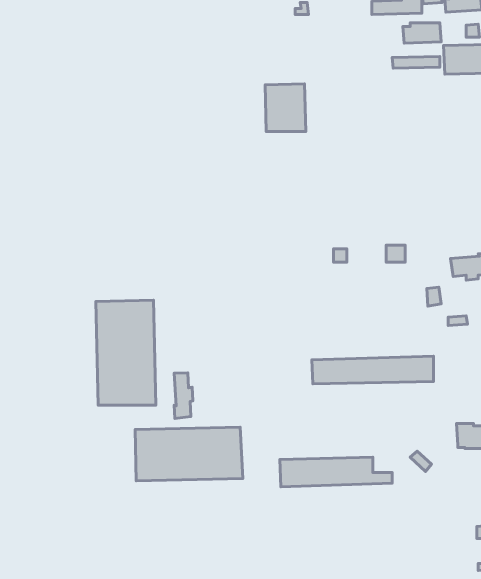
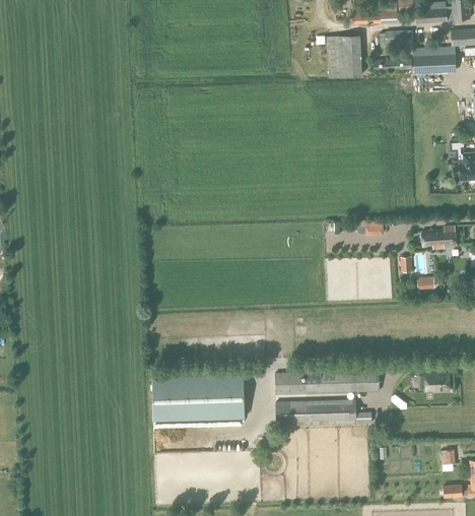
building: [265,84,306,132] -> [327,35,361,75]
building: [96,300,156,405] -> none
building: [312,356,434,384] -> [275,370,379,393]
building: [174,373,193,419] -> none

